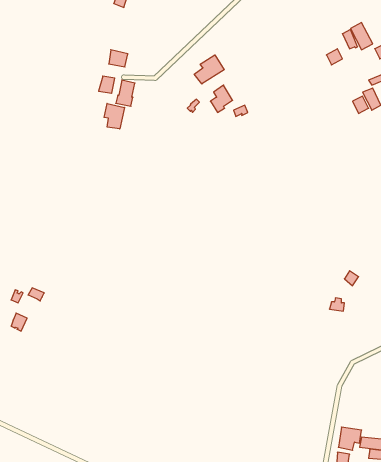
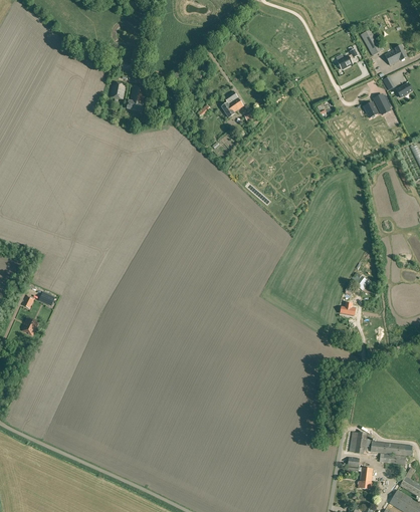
building: [194,55,224,84] -> none
building: [104,103,125,129] -> none

